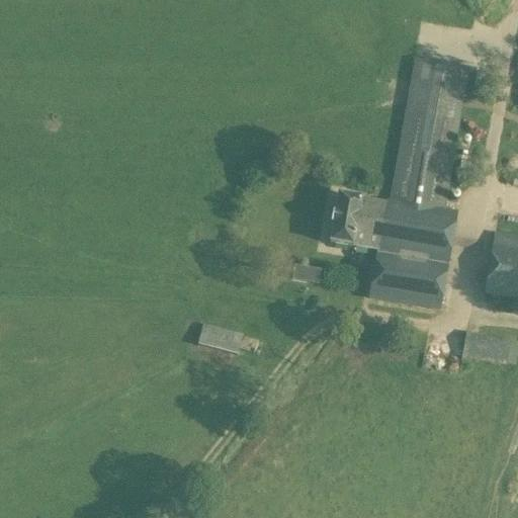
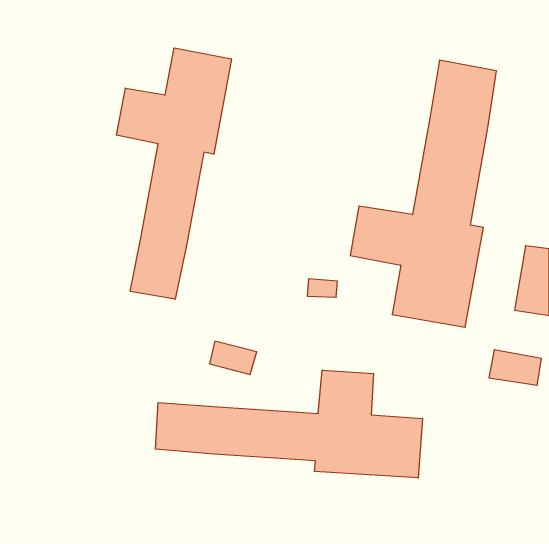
building: none -> [117,48,231,299]
building: none -> [156,370,422,478]

